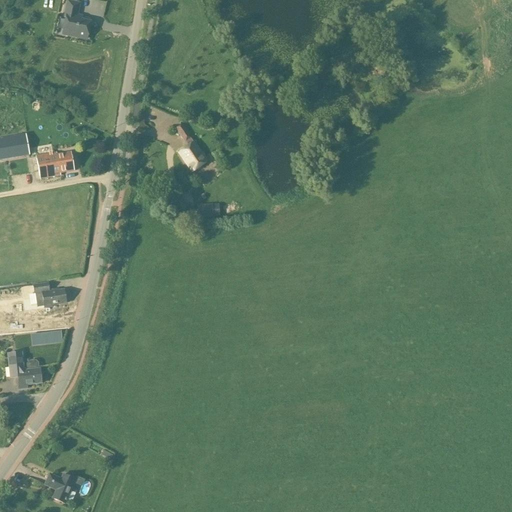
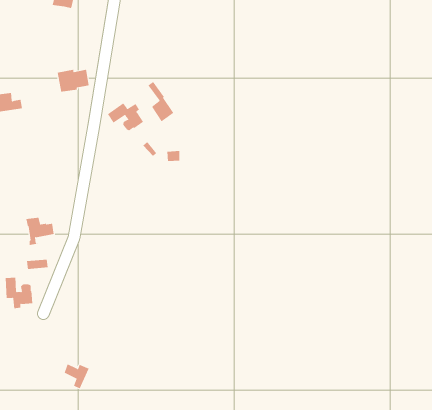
building: none -> [107,103,144,131]
building: [36,150,74,177] -> [57,69,89,92]
building: [45,472,75,502] -> [64,363,90,389]

